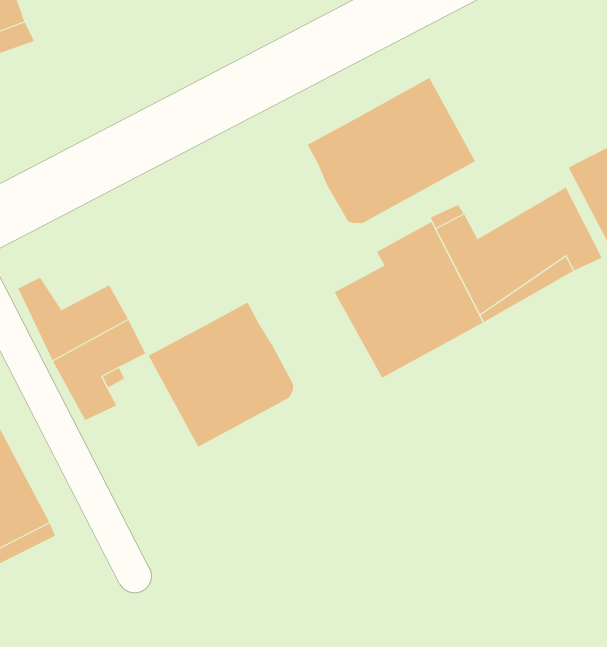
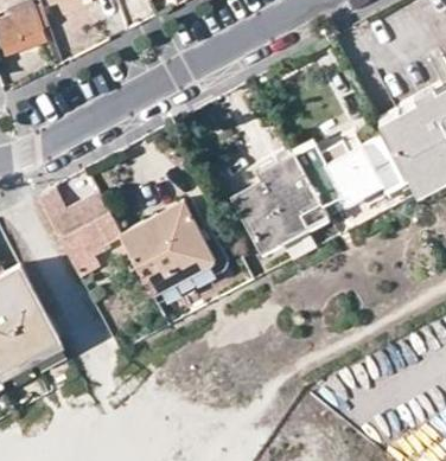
building: [307,77,476,224] -> none

